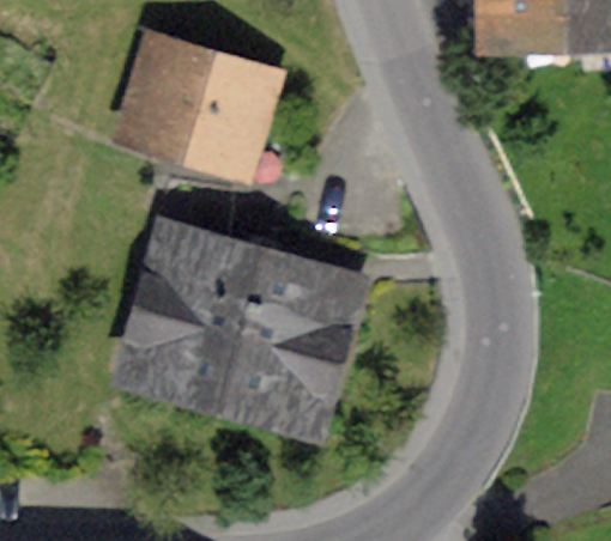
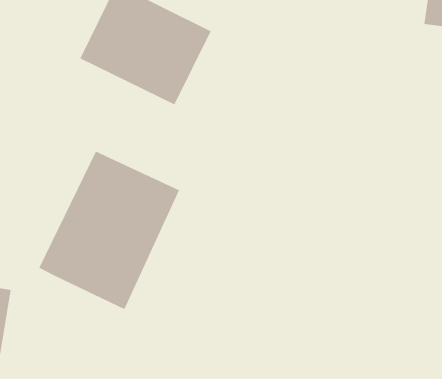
building: [214,260,352,424] -> none

